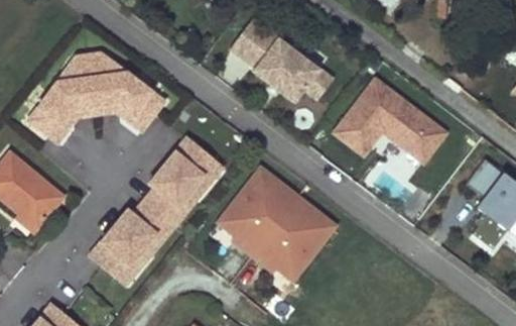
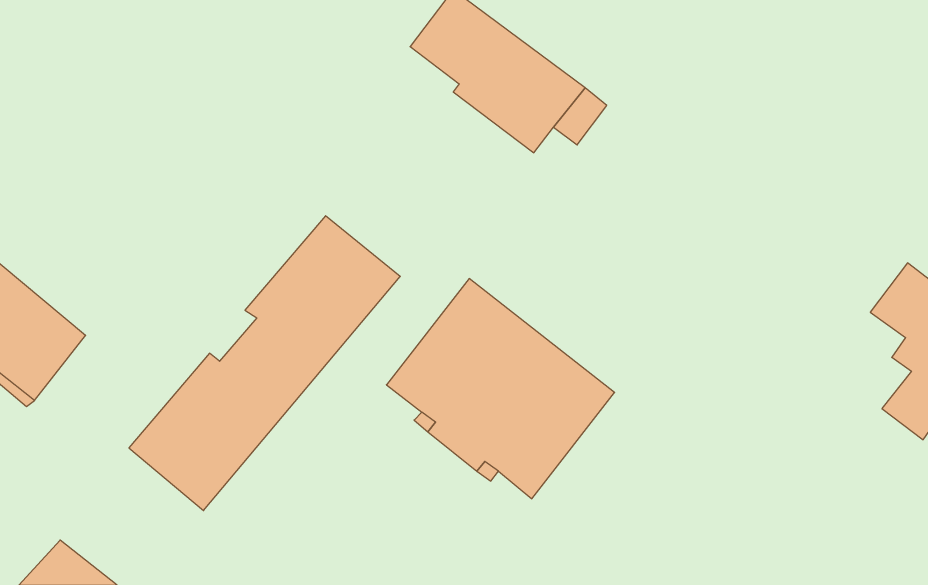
building: [25,50,166,145] -> none
building: [336,81,445,162] -> none

